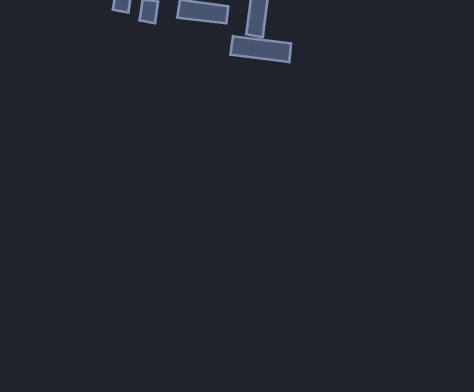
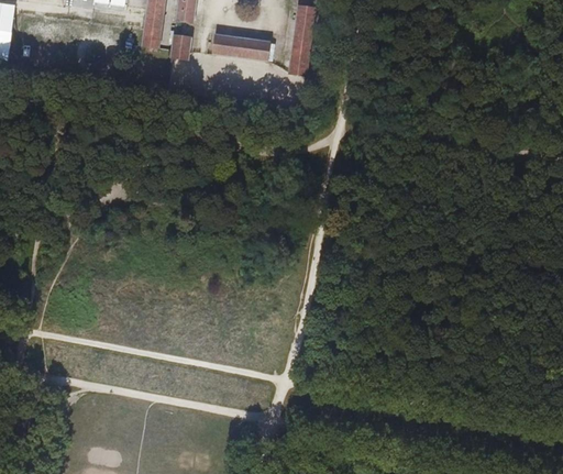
building: [230,36,291,62] -> none

